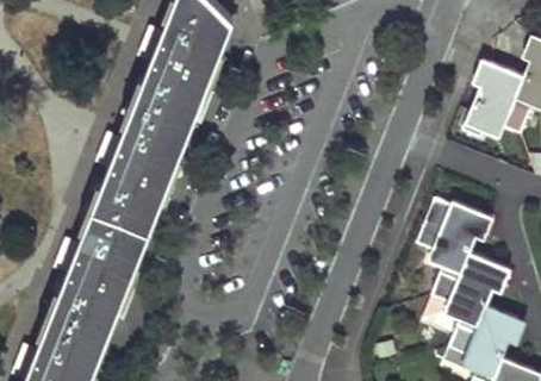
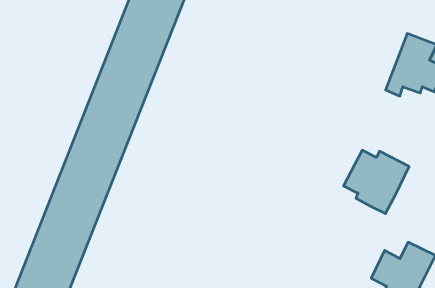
building: [435,254,510,329] -> none

